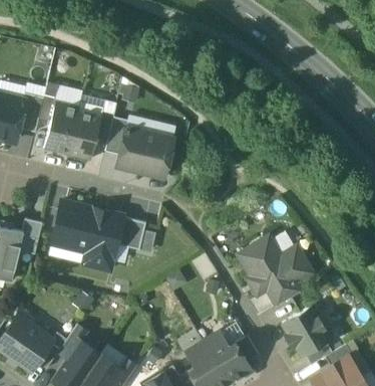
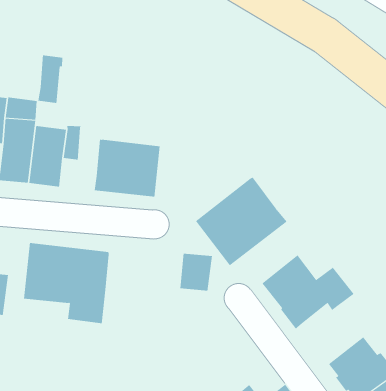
building: [104,116,128,155] -> [38,55,63,103]
building: none -> [195,177,287,266]
building: [116,217,145,249] -> [180,253,213,291]
building: [266,276,302,306] -> none

